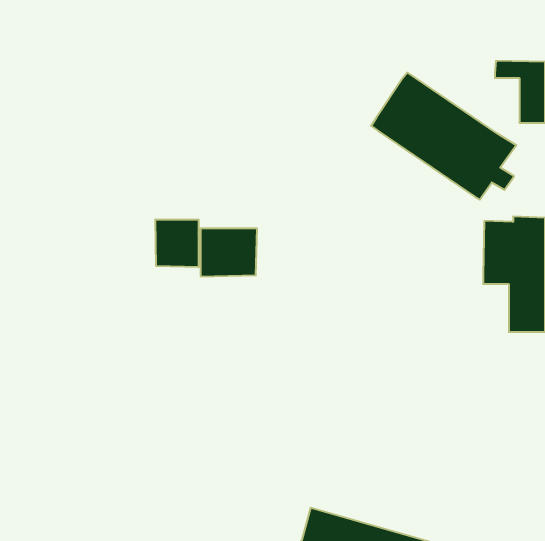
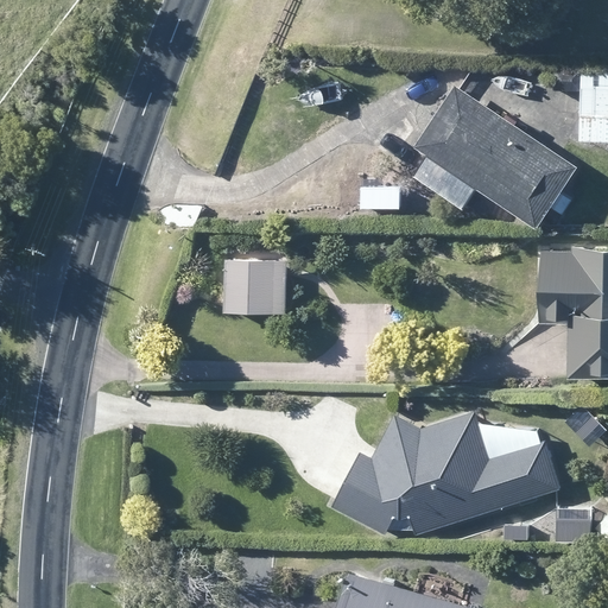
building: [155,219,198,267] -> none
building: none -> [336,418,562,538]

